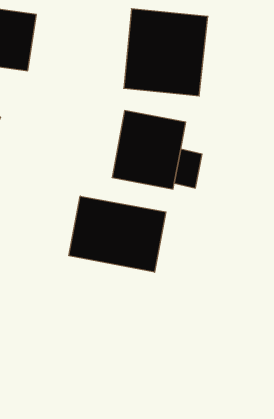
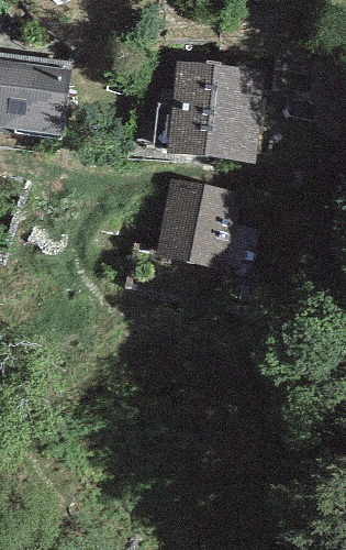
building: [69,196,166,272] -> none

